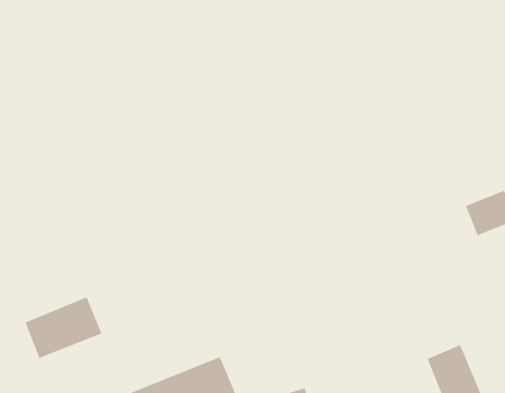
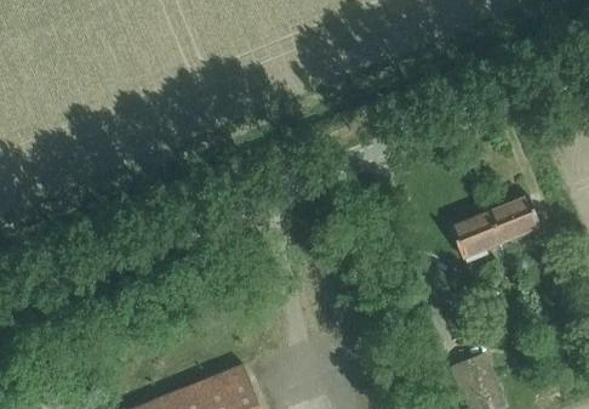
building: none -> [451,211,502,257]
building: [25,296,102,359] -> none

